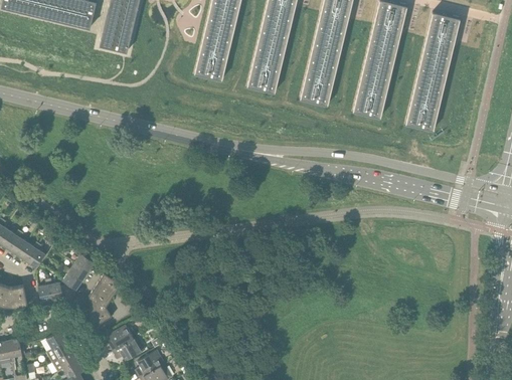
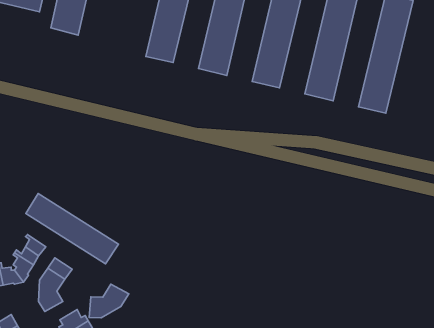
building: none -> [26,193,118,264]
building: none -> [89,284,129,318]

